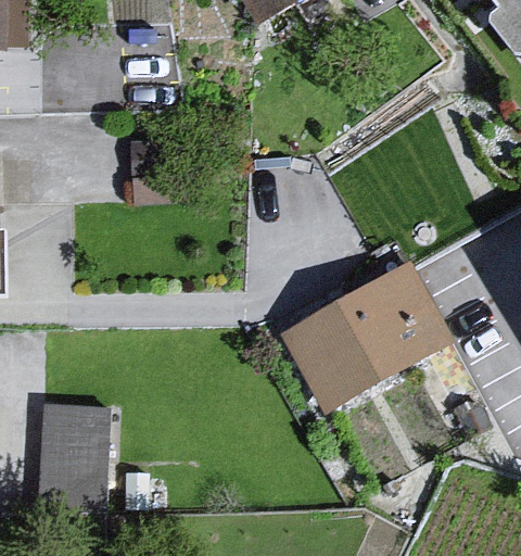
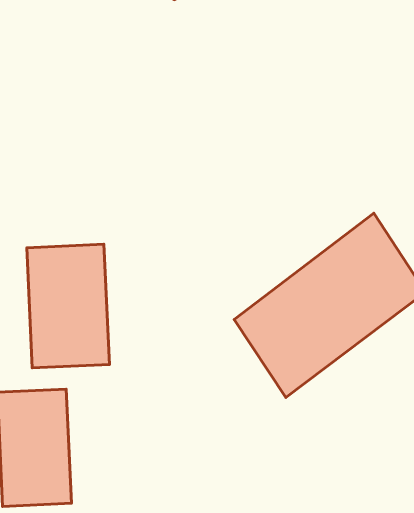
building: none -> [27,244,110,368]

